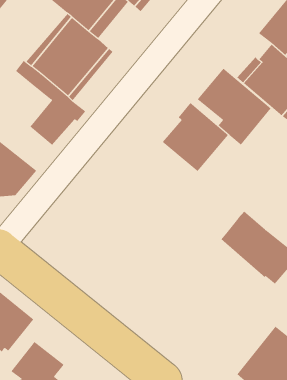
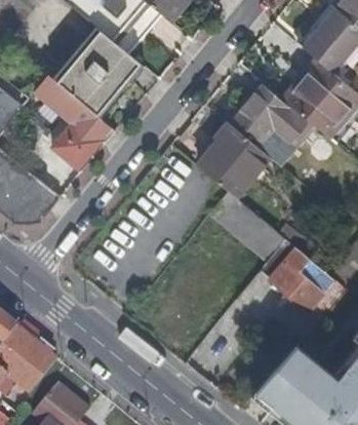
building: none -> [209,192,285,262]
building: none -> [251,345,319,417]

